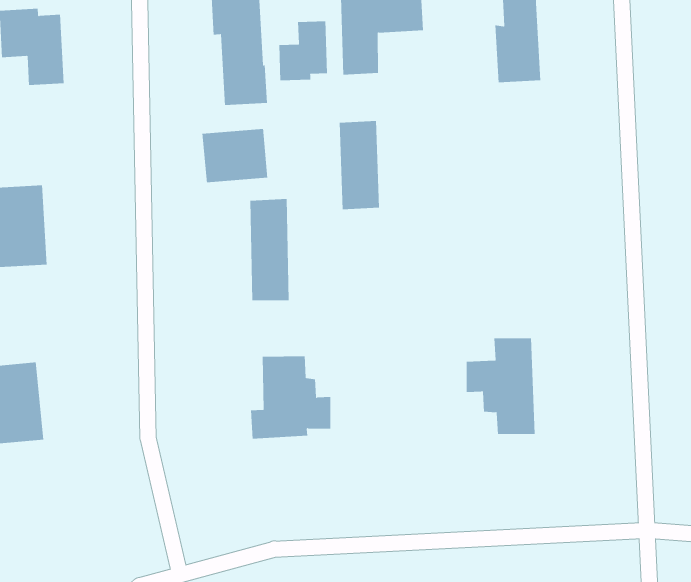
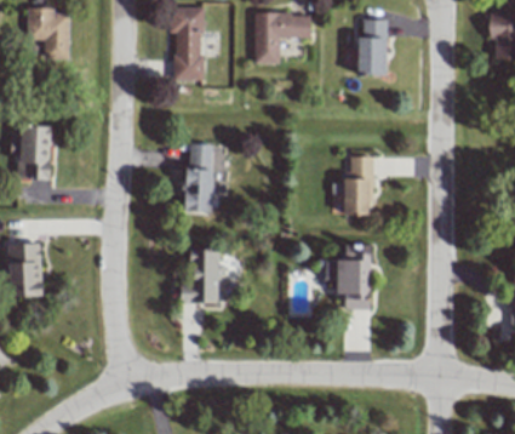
building: [279,21,328,81] -> none
building: [339,121,380,210] -> [347,156,373,215]
building: [202,128,268,183] -> none

